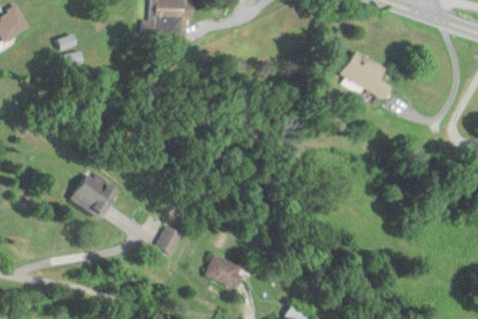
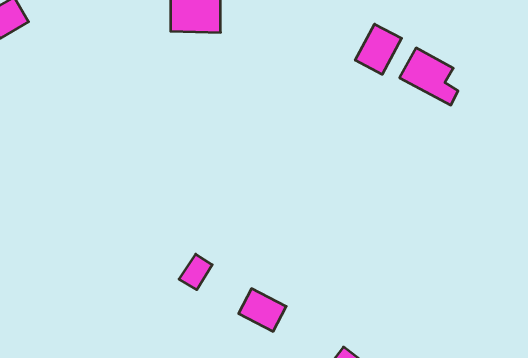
building: none -> [355,24,402,74]
building: [70,173,118,218] -> none

